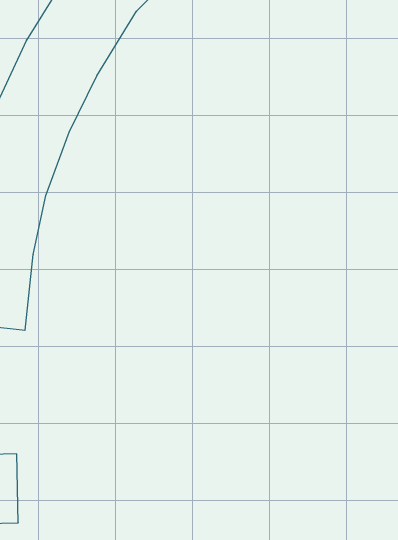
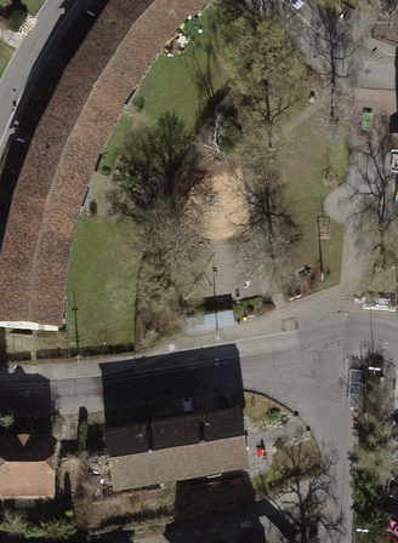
building: none -> [102,408,249,493]

